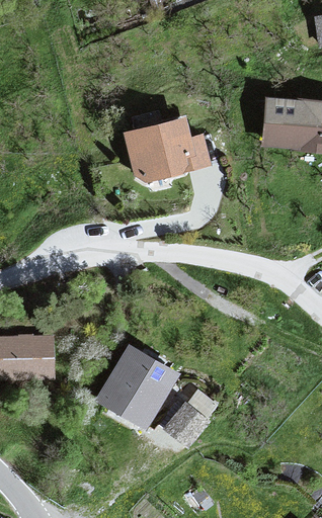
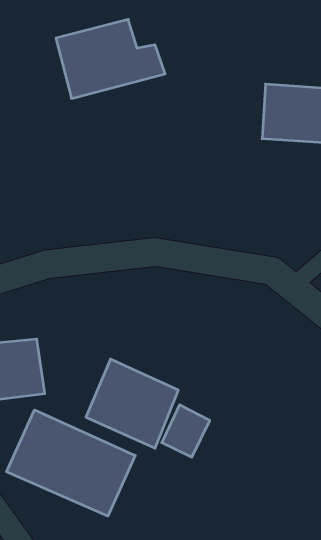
building: [115,113,215,185] -> [56,19,165,98]
building: none -> [7,410,135,516]

